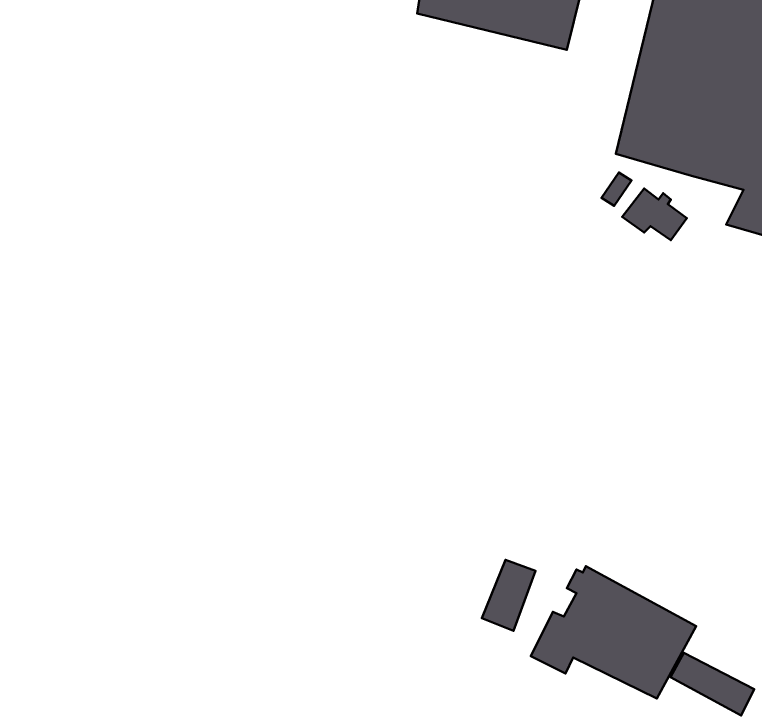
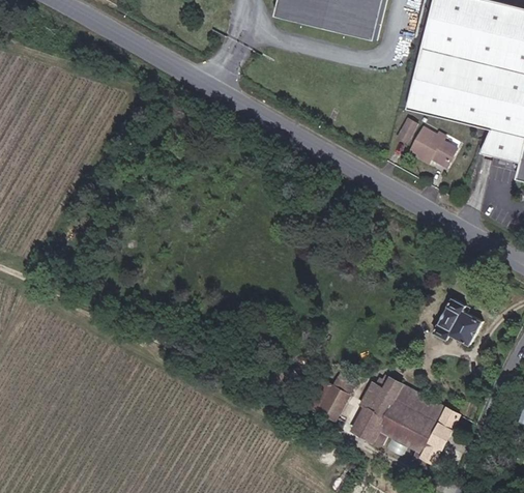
building: none -> [432,297,483,347]
building: [671,653,754,715] -> none

